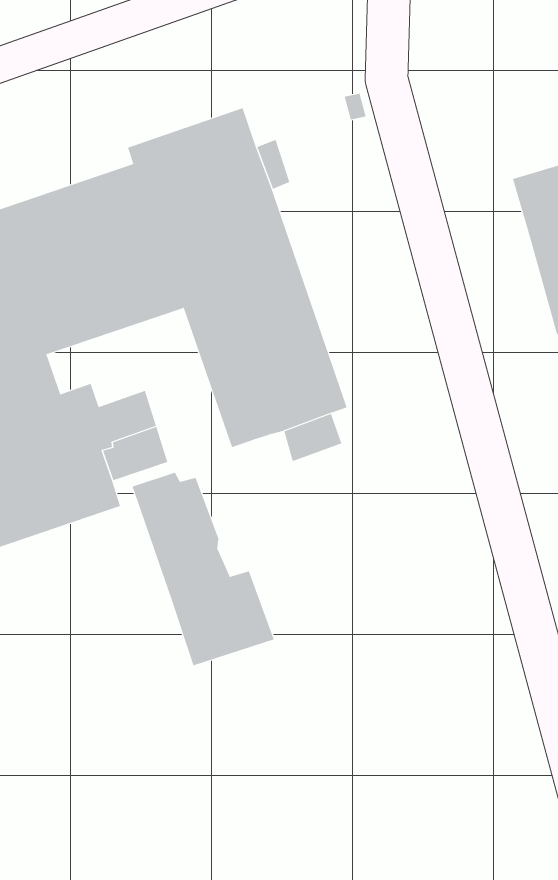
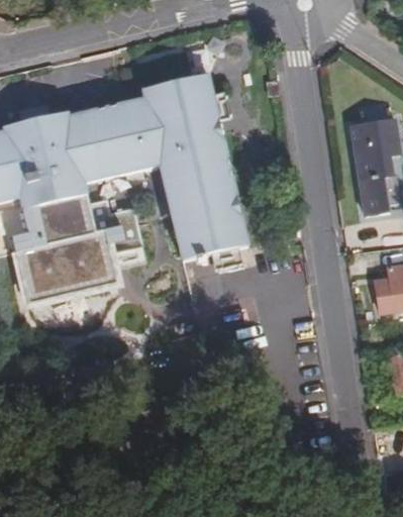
building: [132,472,275,666] -> none

